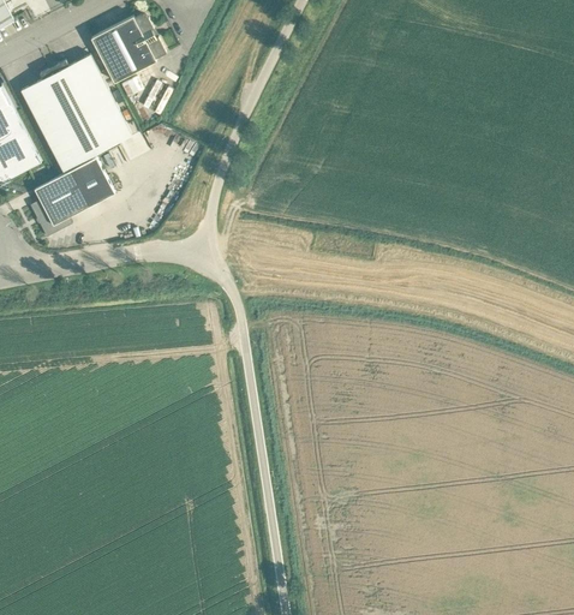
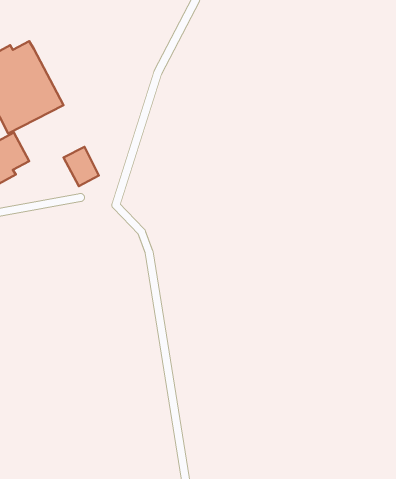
building: [89,16,165,83] -> none
building: [68,157,113,207] -> [64,147,99,186]

